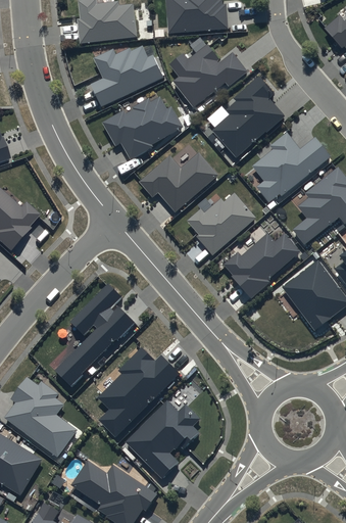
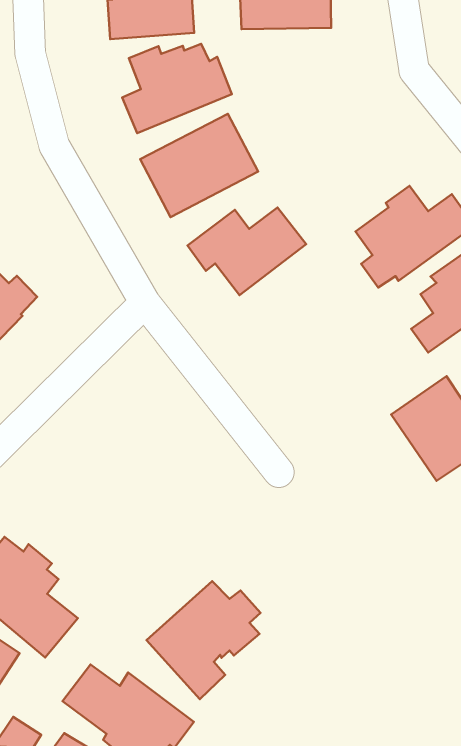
building: [168,39,247,103] -> none
building: [210,70,284,153] -> none
building: [186,187,257,251] -> none
building: [224,228,300,295] -> none
building: [56,282,137,387] -> none
building: [98,349,181,438] -> none

